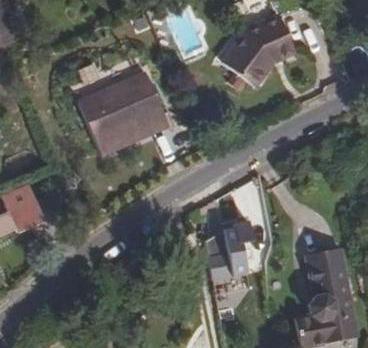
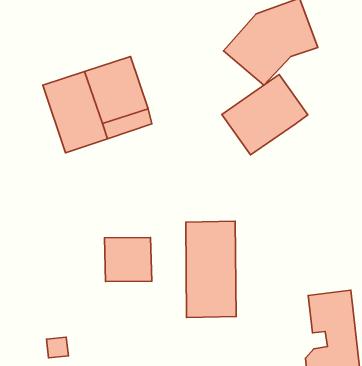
building: none -> [222,74,308,155]
building: none -> [104,238,152,281]

